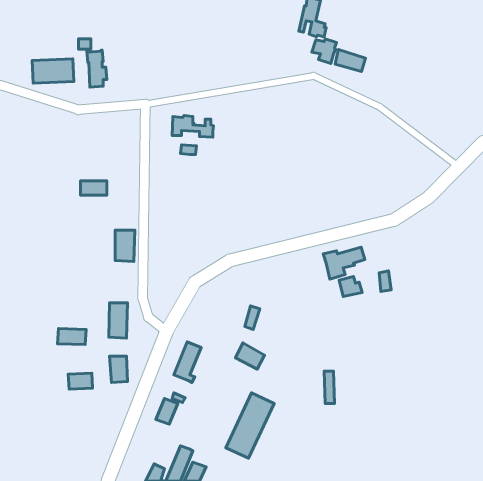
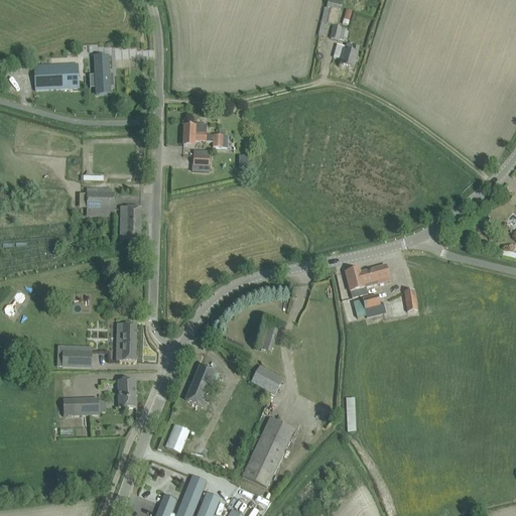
building: [335,50,366,72] -> none
building: [115,230,135,261] -> [120,206,141,239]

